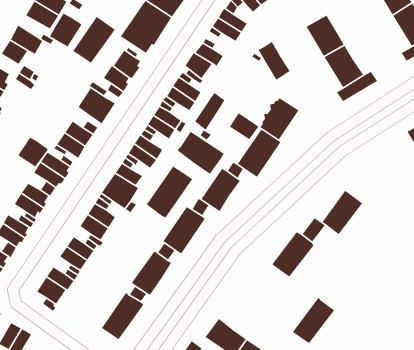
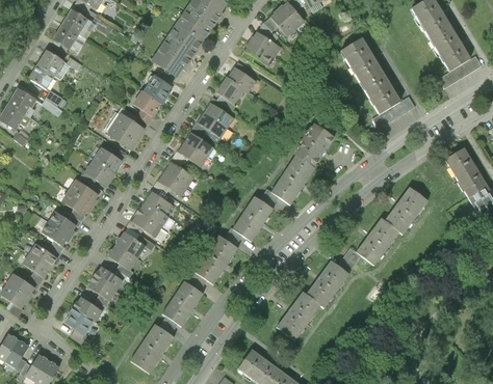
building: [49,13,83,47] -> none
building: [72,16,116,64] -> none
building: [257,41,291,81] -> none
building: [194,92,226,131] -> none
building: [229,112,259,140] -> none
building: [176,131,225,175] -> none
building: [17,137,49,168] -> none
building: none -> [385,186,430,235]
building: [146,165,193,218] -> none
building: [292,297,335,344] -> [276,292,320,340]

